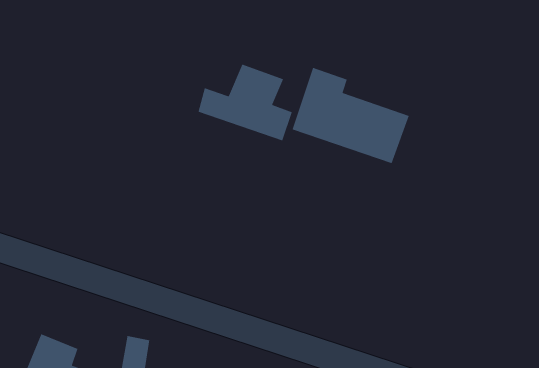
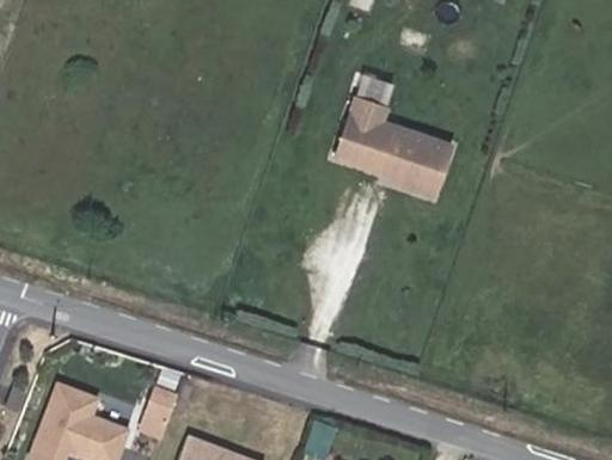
building: [197,63,293,141] -> none

